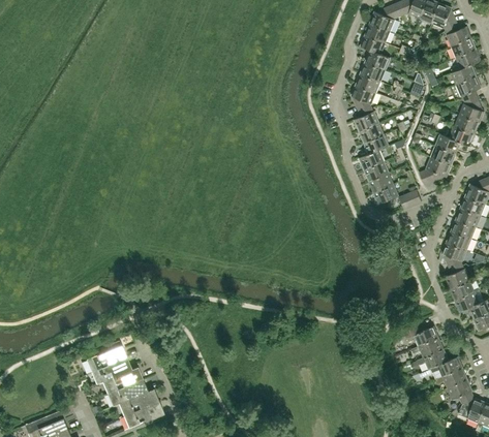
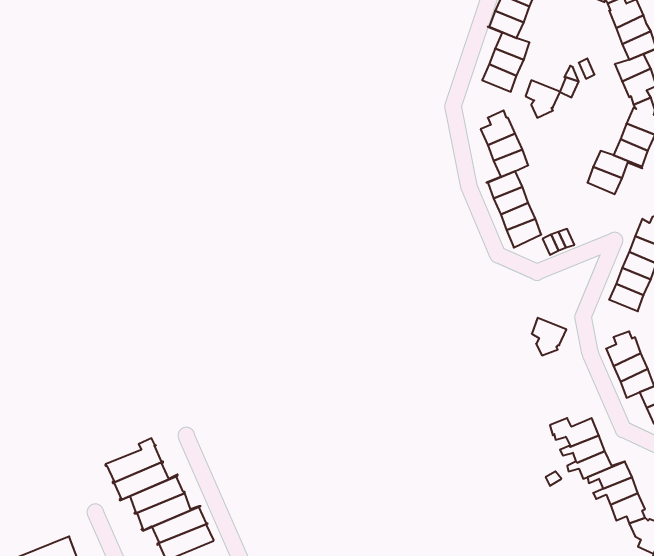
building: [352,85,376,112] -> [526,80,560,118]
building: [420,158,451,185] -> none
building: [442,242,467,269] -> [532,318,566,355]

